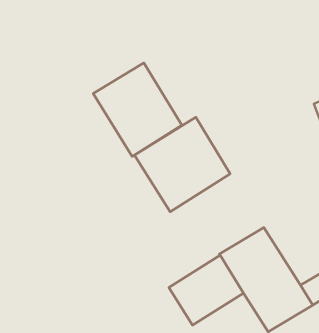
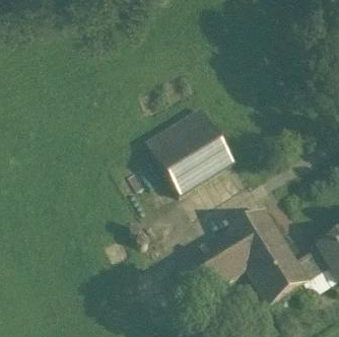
building: [93,63,182,156] -> none

